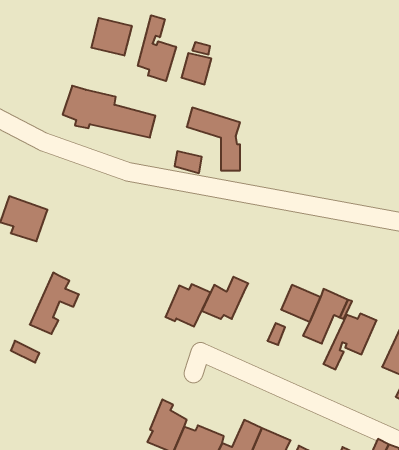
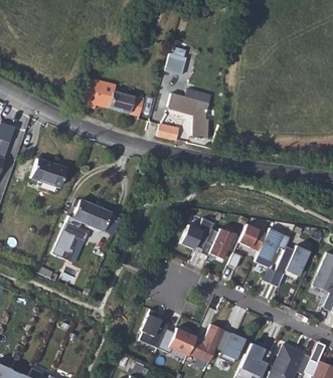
building: [138,15,176,81] -> none
building: [91,18,132,56] -> none
building: none -> [74,199,112,230]
building: [165,284,211,327] -> [201,228,234,259]

